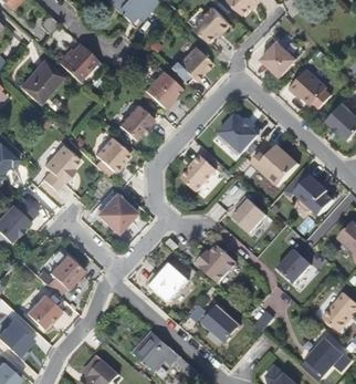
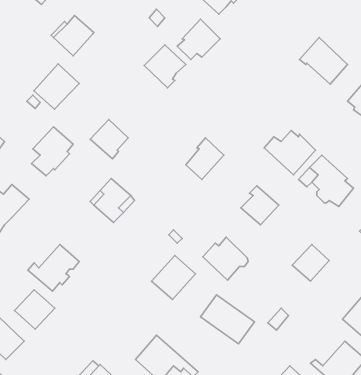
building: [262,42,297,77] -> none
building: [21,61,62,102] -> [34,64,79,109]
building: [119,105,154,139] -> none
building: [219,115,259,154] -> none

